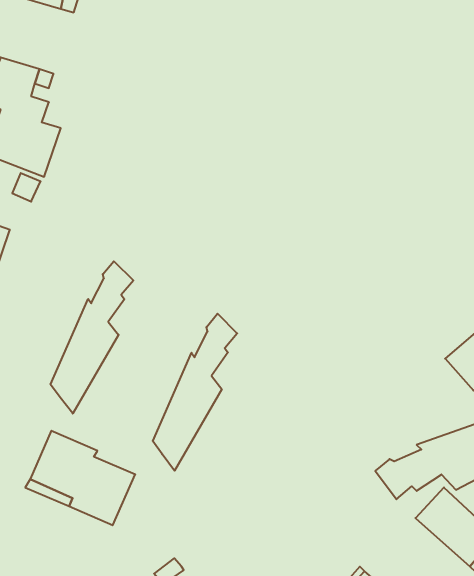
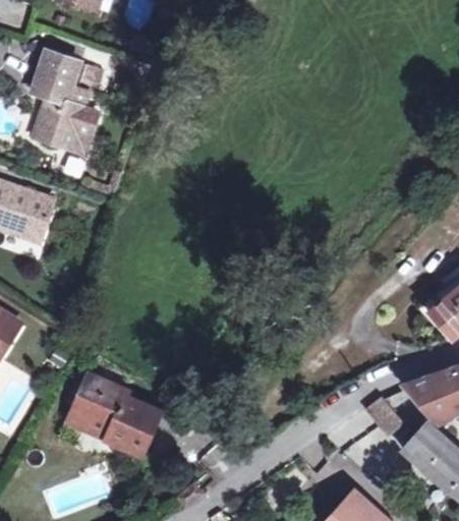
building: [51,261,133,414] -> none
building: [153,314,237,471] -> none

